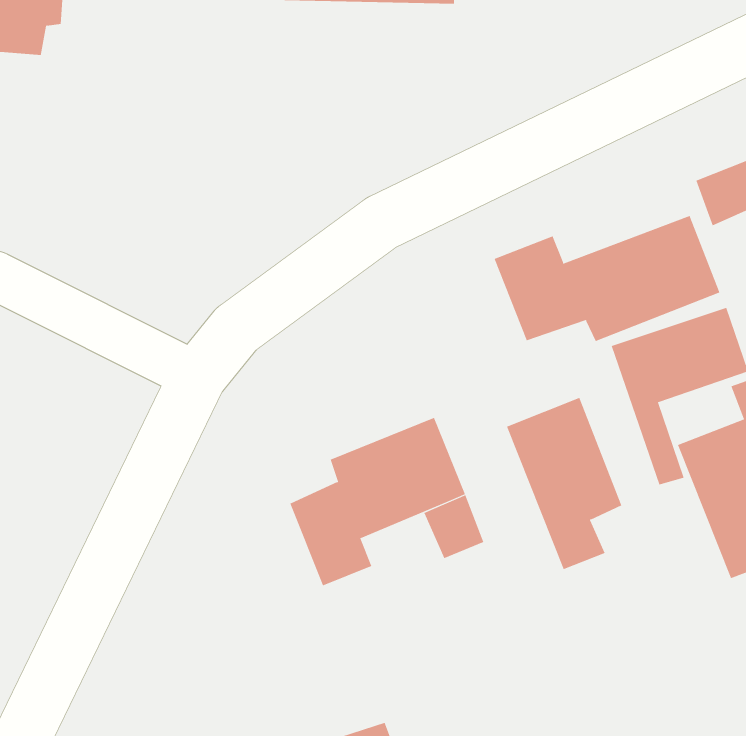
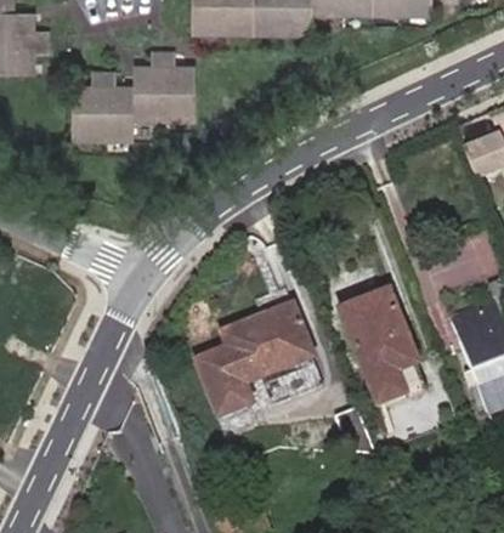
building: none -> [77,46,196,132]
building: [494,215,720,342] -> none

